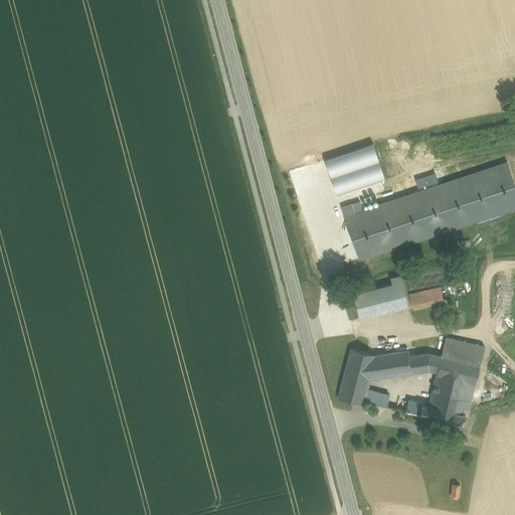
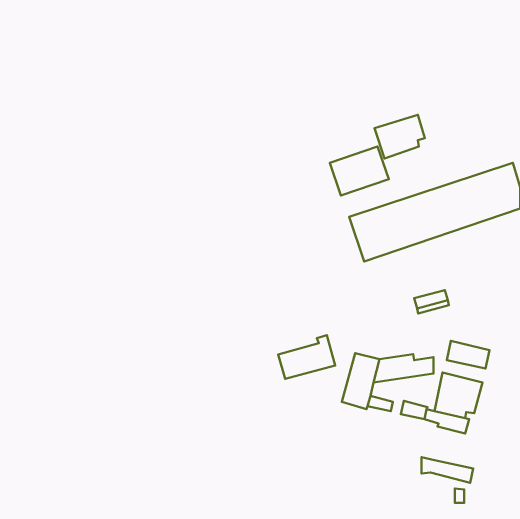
building: none -> [374,115,425,158]
building: [352,277,408,320] -> [278,335,335,379]
building: [428,354,480,379] -> [421,457,473,483]

